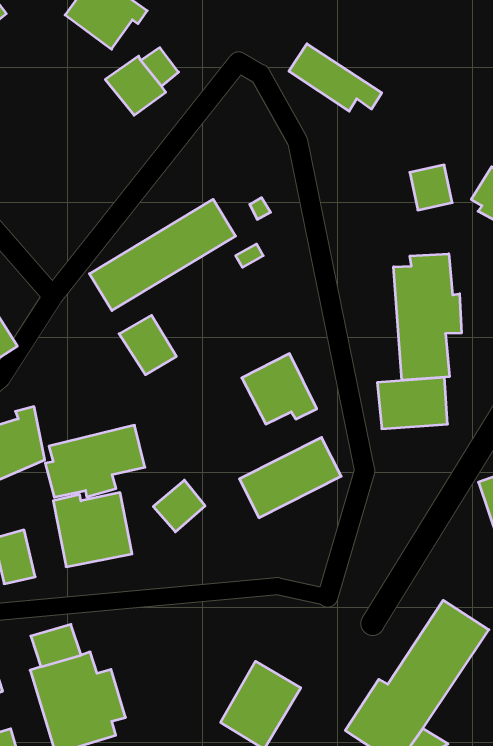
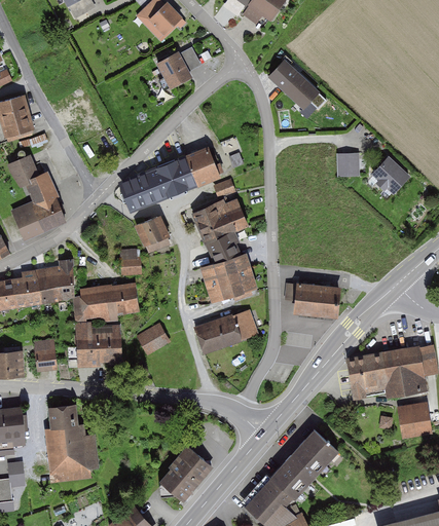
building: [394,254,461,380] -> none
building: none -> [194,197,249,262]
building: none -> [117,248,141,275]

